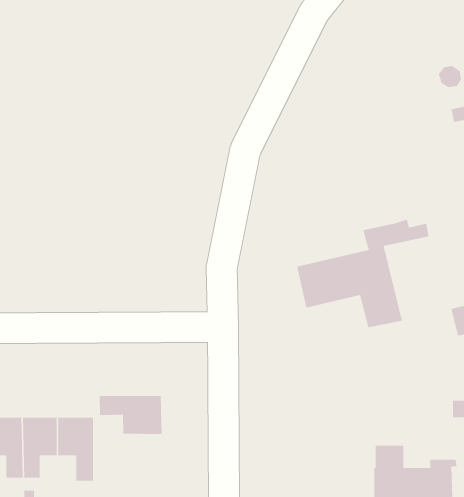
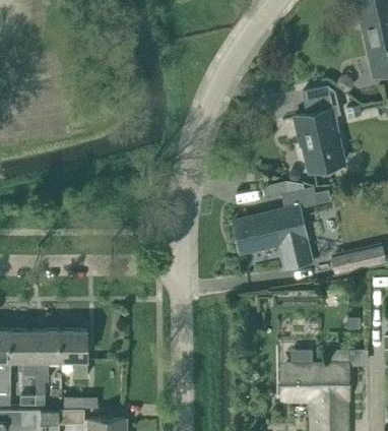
building: none -> [295,86,344,172]
building: [99,395,162,435] -> none

